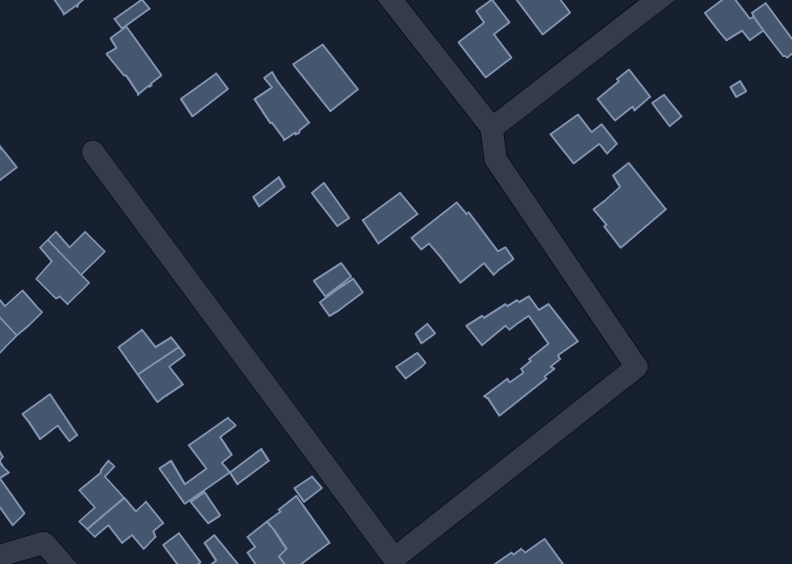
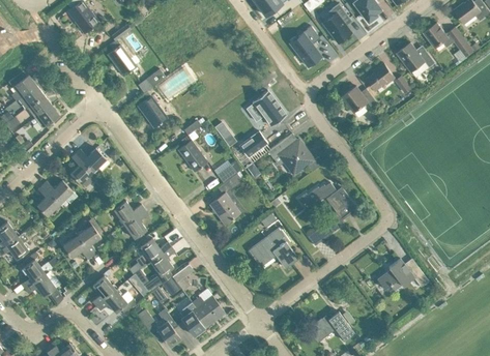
building: none -> [397,42,435,78]
building: [293,45,358,111] -> [253,89,287,124]
building: [254,72,309,140] -> [138,91,167,127]
building: [594,163,666,248] -> none
building: none -> [178,141,207,172]
building: none -> [210,194,239,225]
building: none -> [77,220,100,257]
building: none -> [249,229,297,268]
building: none -> [129,238,171,274]
building: none -> [377,259,429,290]

